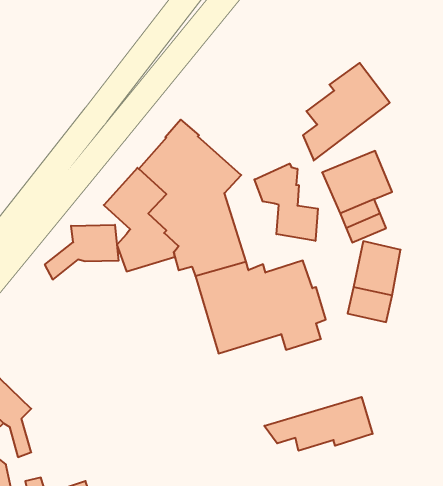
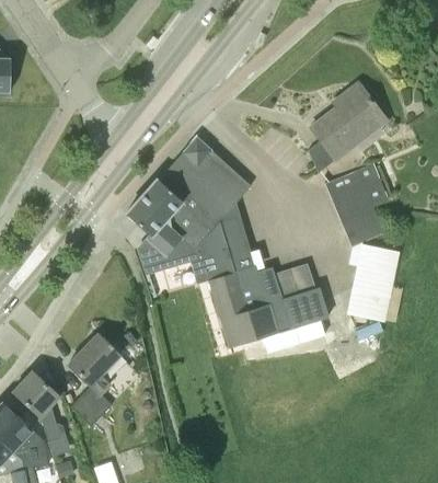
building: [254,164,318,241] -> none
building: [45,225,119,280] -> none
building: none -> [68,334,119,410]
building: [264,397,373,451] -> none

